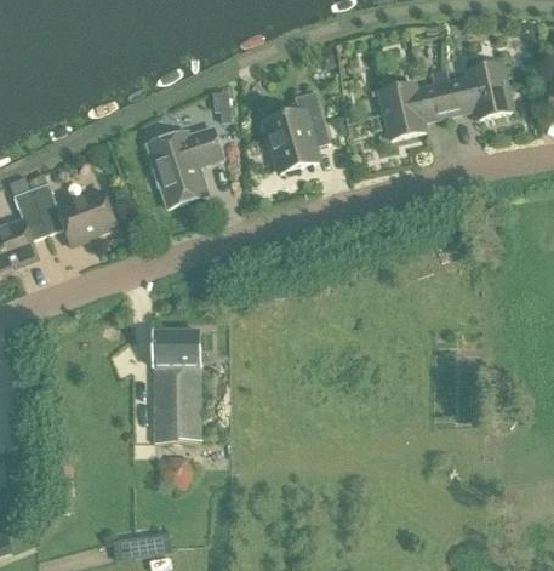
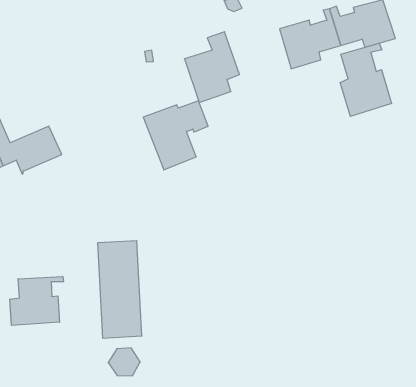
building: none -> [340,43,392,116]
building: [147,127,222,206] -> [143,101,208,170]
building: none -> [10,276,64,325]

